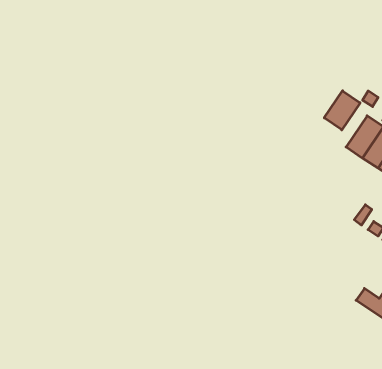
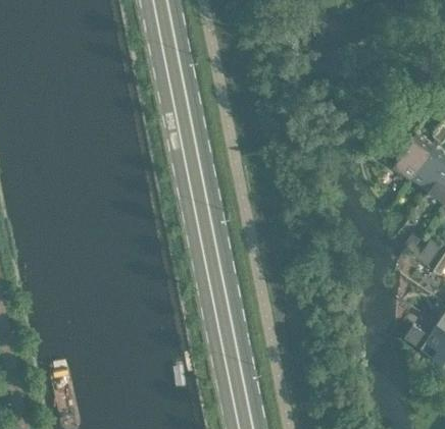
building: [324,91,360,130] -> none

